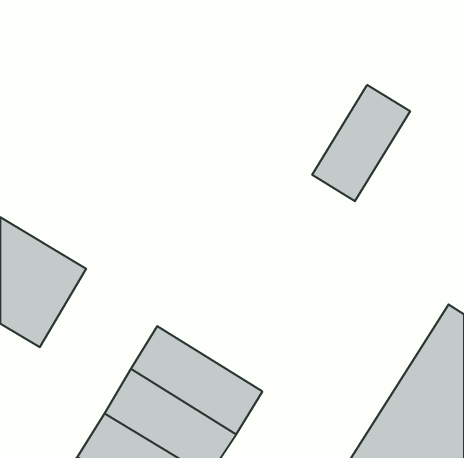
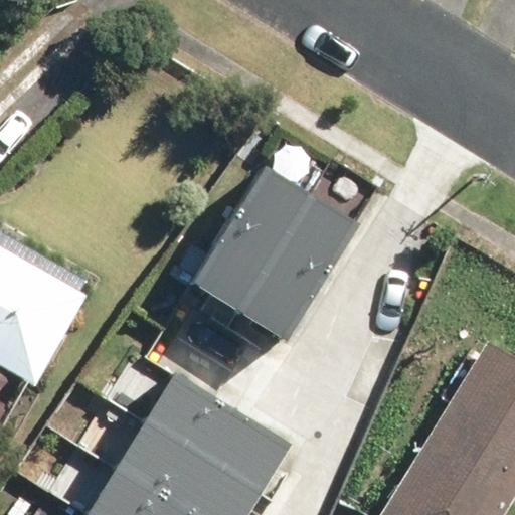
building: [312,85,410,201] -> none
building: none -> [189,167,354,340]

